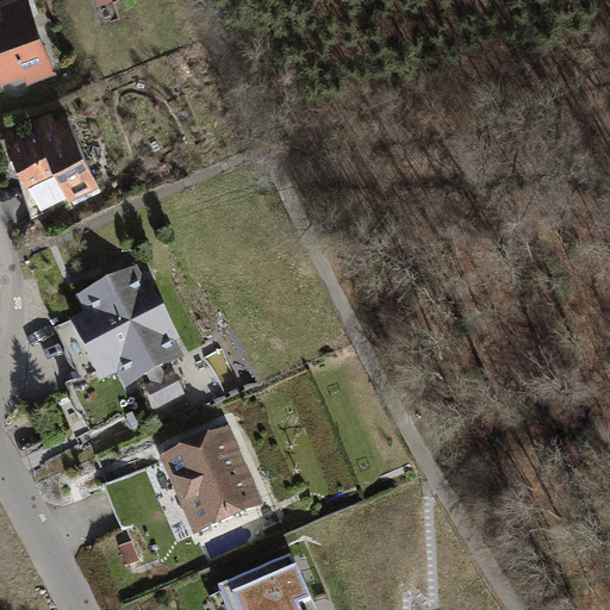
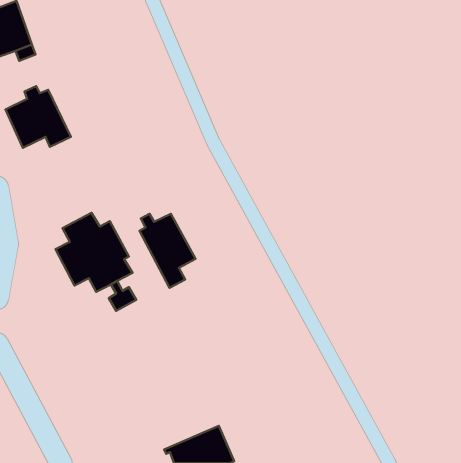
building: none -> [139,214,196,288]
building: [163,434,253,533] -> none

